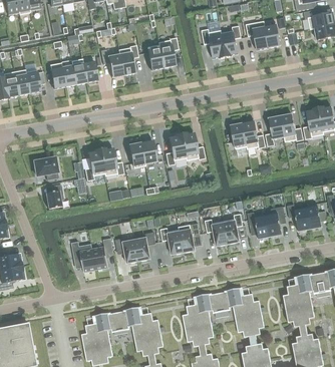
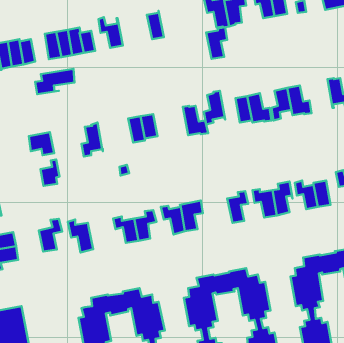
building: [157,37,178,67] -> [206,27,227,59]
building: [118,44,138,75] -> none
building: none -> [35,69,74,94]
building: [303,107,323,139] -> none
building: [165,133,186,165] -> [204,91,225,125]
building: [99,147,123,175] -> none
building: [205,219,228,246] -> none
building: [91,238,113,269] -> [39,219,62,252]

